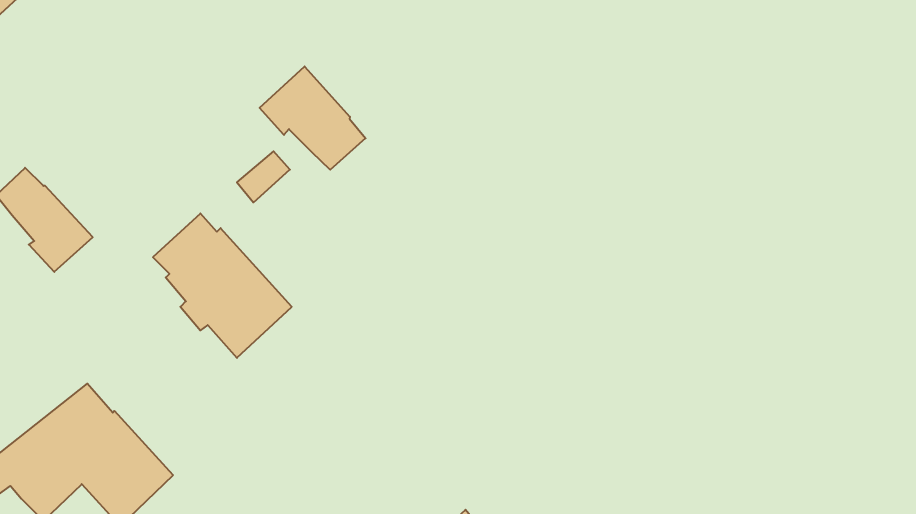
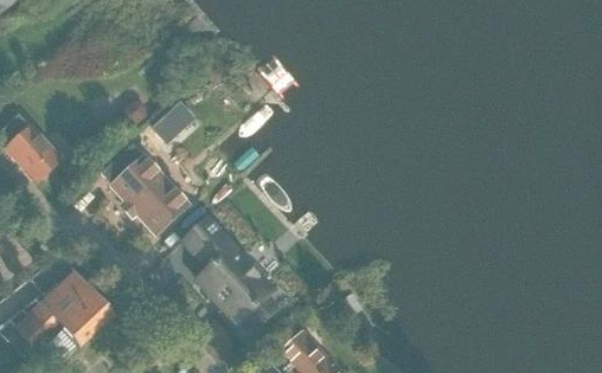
building: [260,66,366,170] -> none
building: none -> [187,218,277,328]

